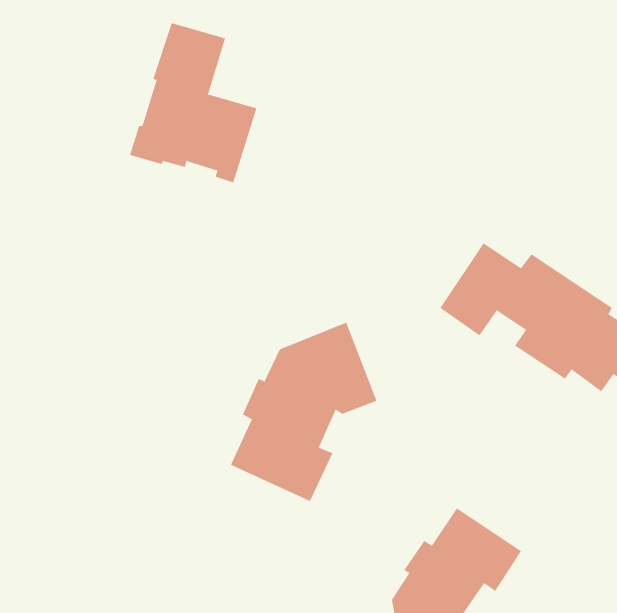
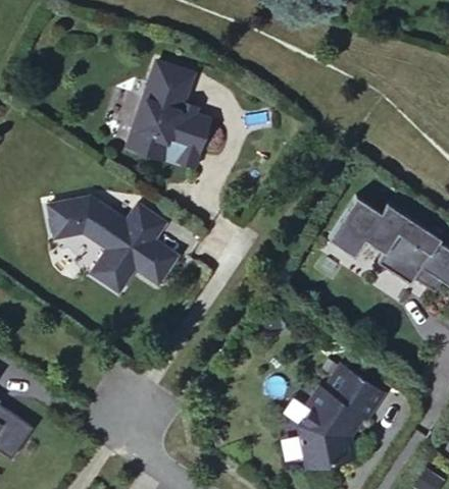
building: none -> [50,195,180,289]
building: [230,322,377,502] -> none

